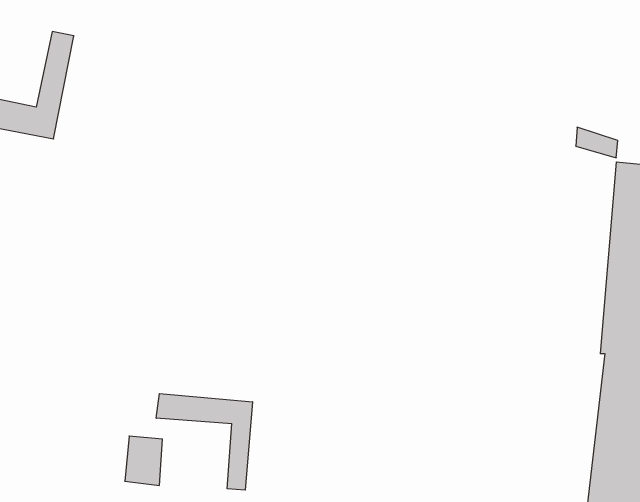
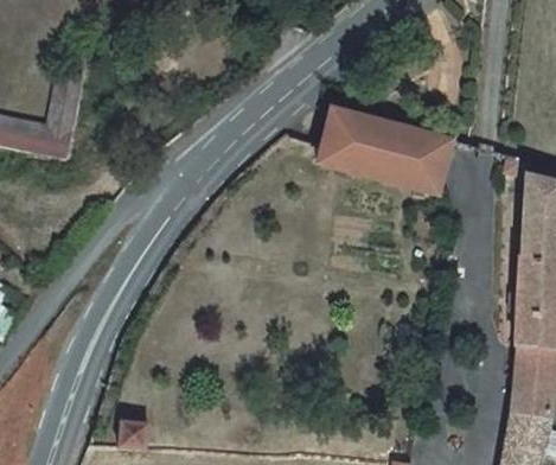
building: none -> [315,104,443,187]
building: [156,394,252,490] -> none

